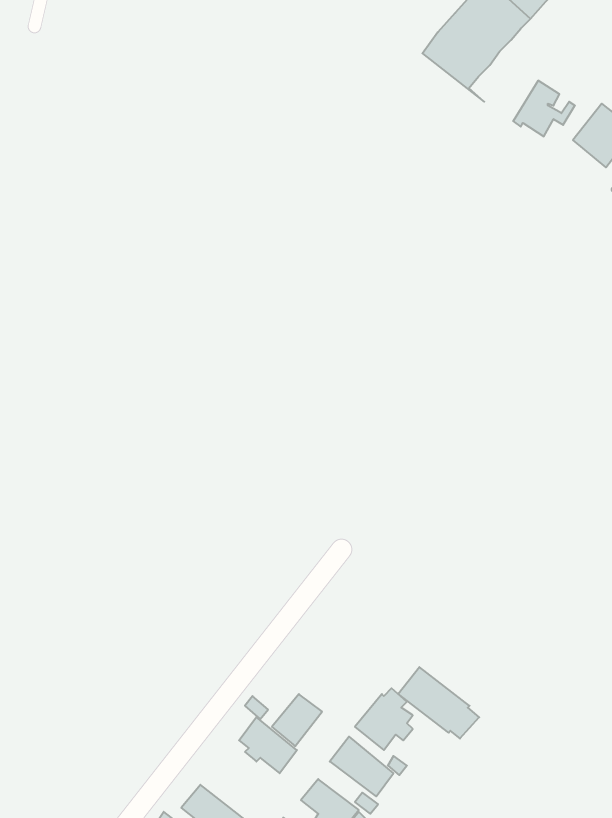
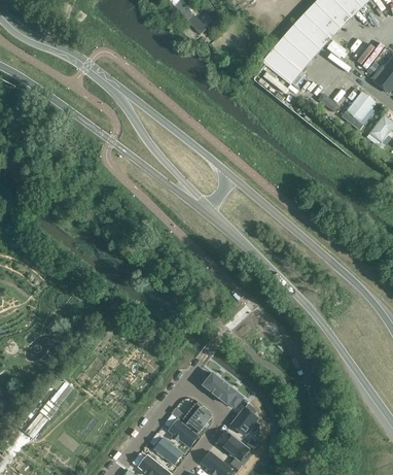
building: [398,667,479,739] -> [201,372,244,410]
building: none -> [152,437,182,465]

